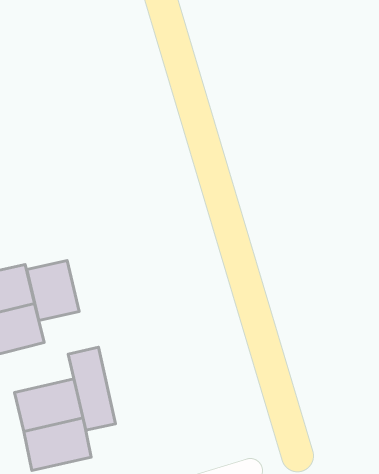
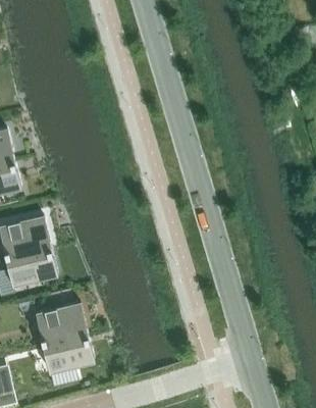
building: [27,261,79,321] -> none
building: [68,347,115,430] -> none

